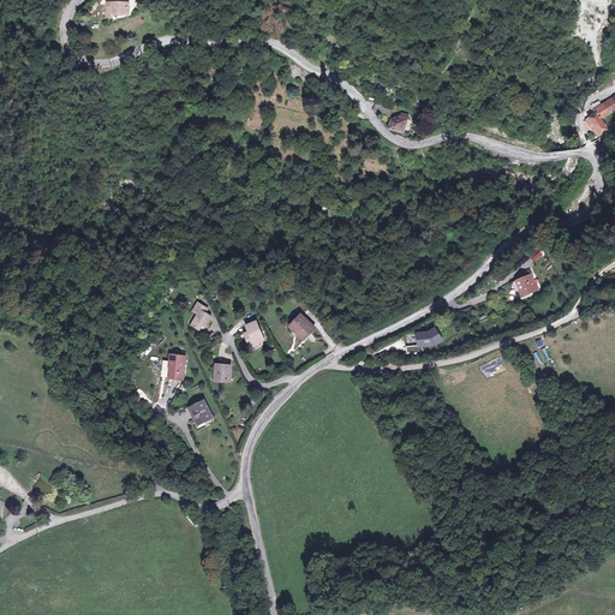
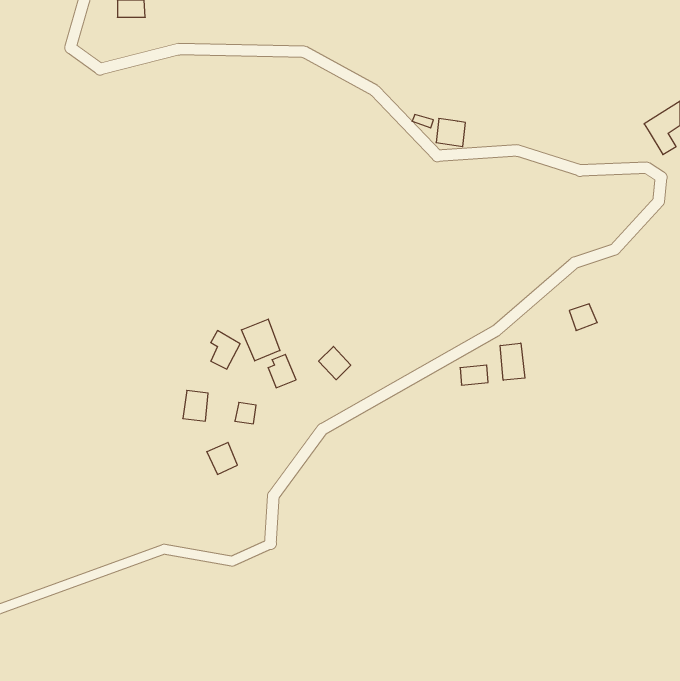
building: none -> [241,319,280,361]
building: none -> [500,343,525,380]

